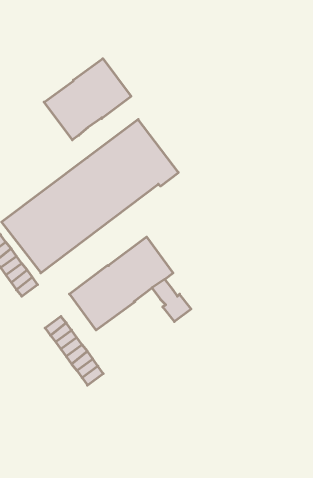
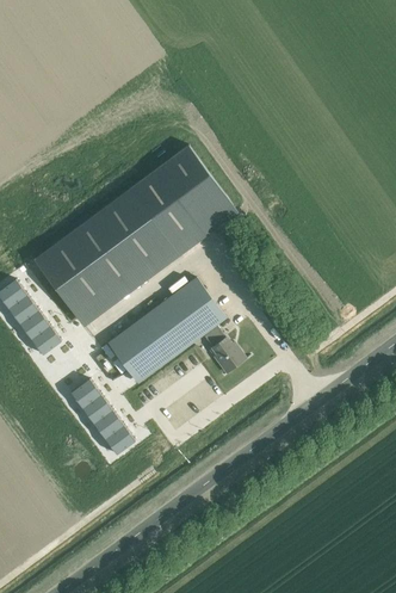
building: [44,59,131,140] -> none

